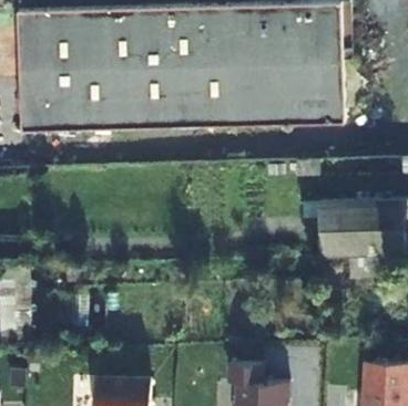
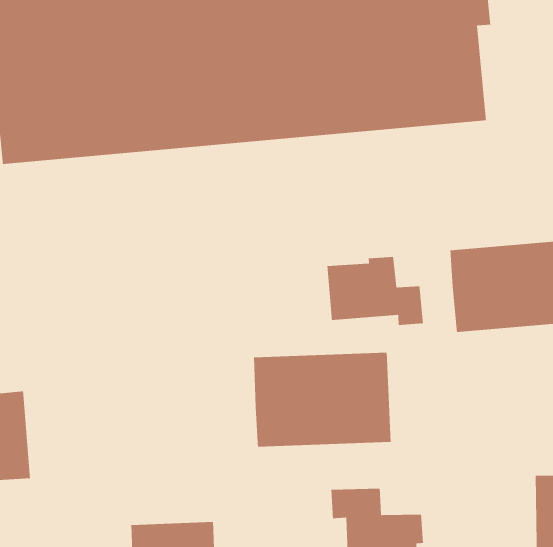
building: none -> [326,256,424,326]
building: none -> [253,352,391,447]

